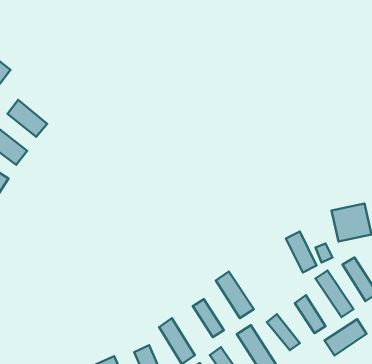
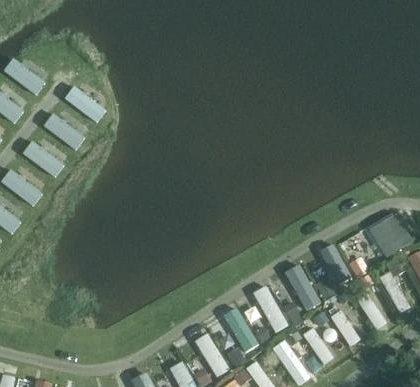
building: none -> [62,86,107,123]
building: none -> [285,262,324,308]
building: [325,319,366,356] -> none

